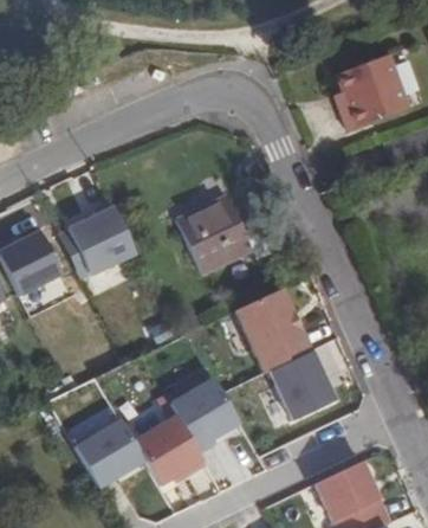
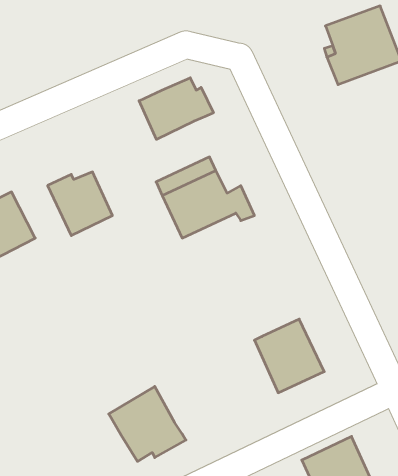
building: none -> [139,78,213,139]
building: [235,288,312,373] -> none
building: [168,378,238,449] -> none
building: [72,419,143,488] -> none

